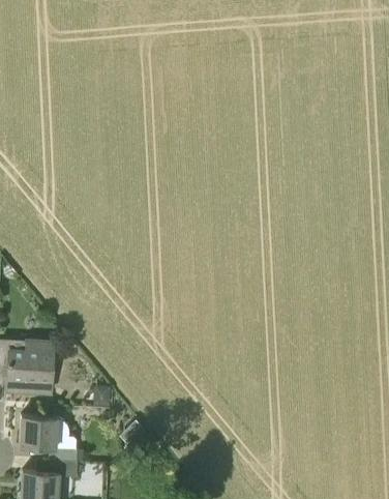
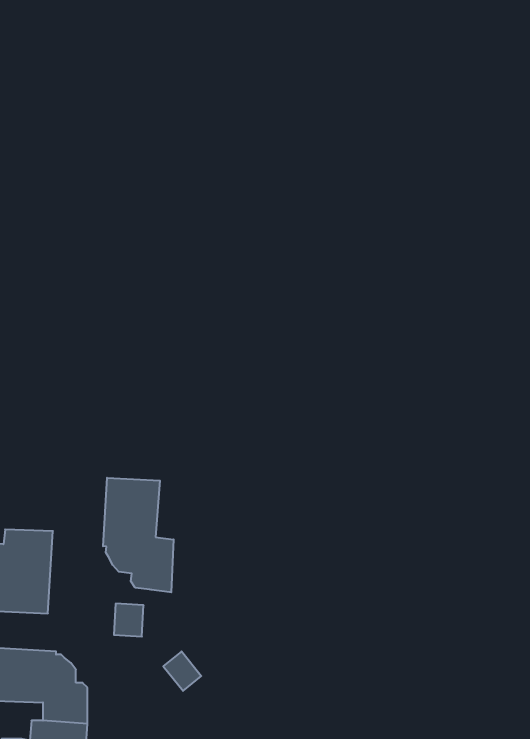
building: none -> [103,478,174,592]

